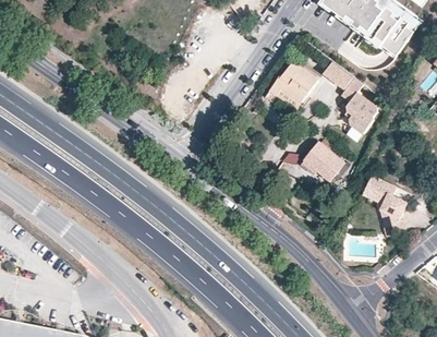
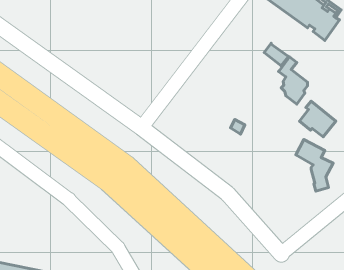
building: [269,61,317,108] -> none
building: [301,137,344,180] -> [300,101,336,137]

